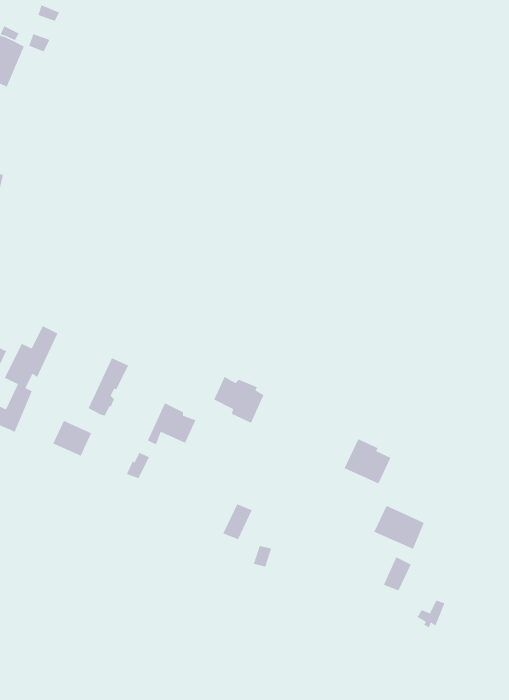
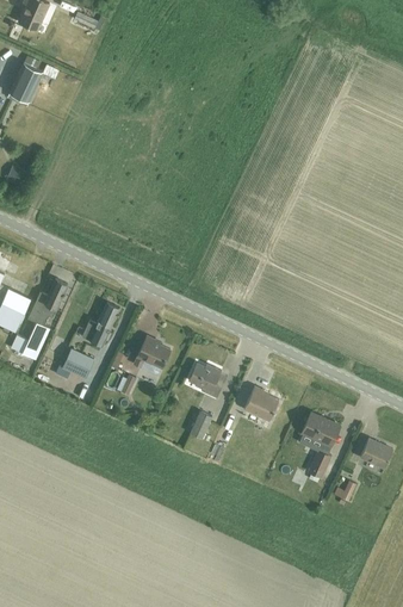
building: [213,376,264,424] -> [187,363,225,398]
building: [343,438,392,485] -> [242,386,278,421]
building: none -> [359,439,392,469]

